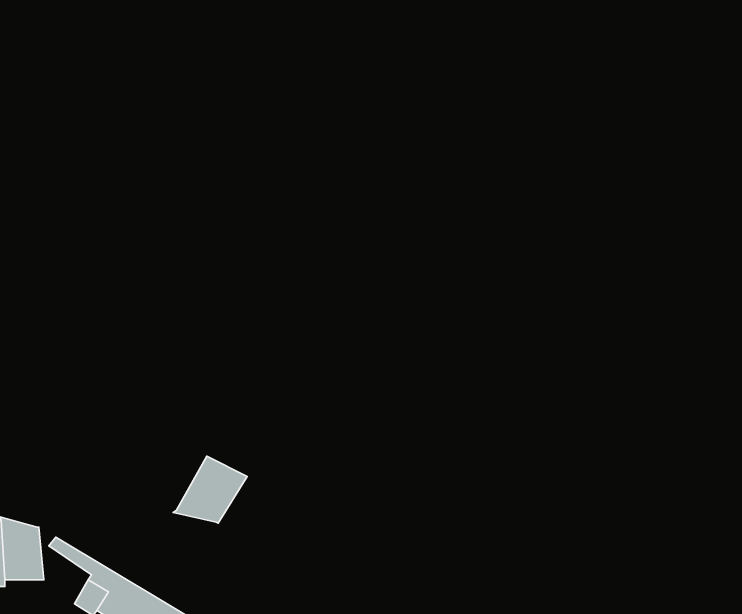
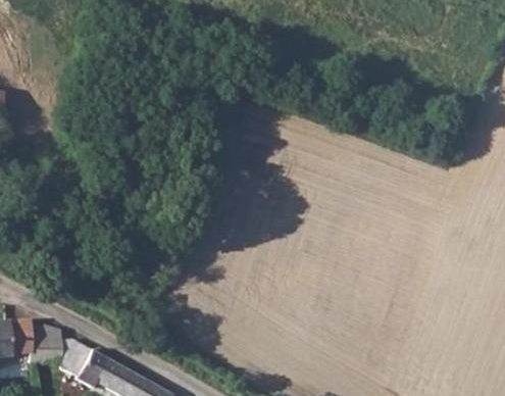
building: [173,456,247,523] -> none

